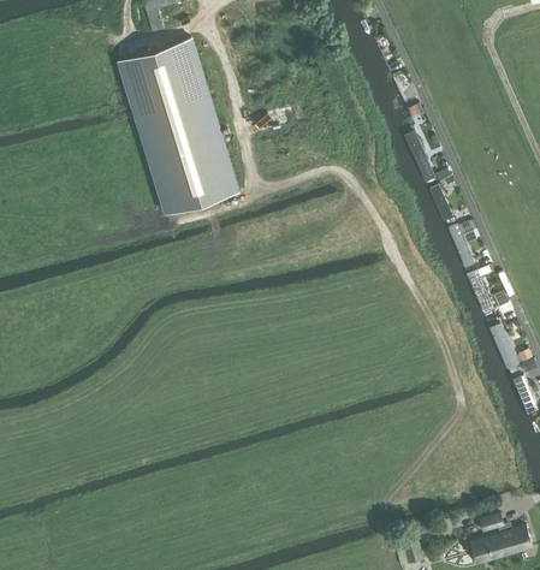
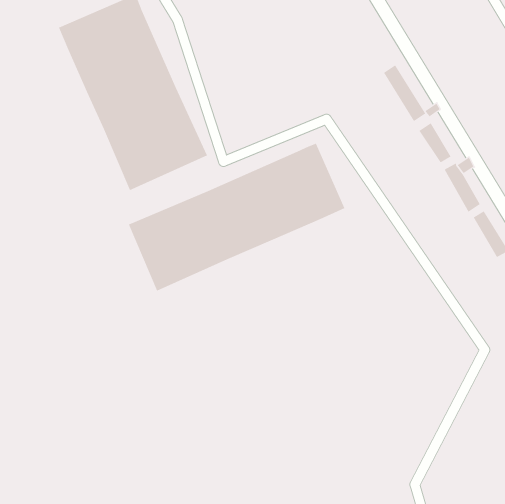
building: none -> [128,143,345,291]

